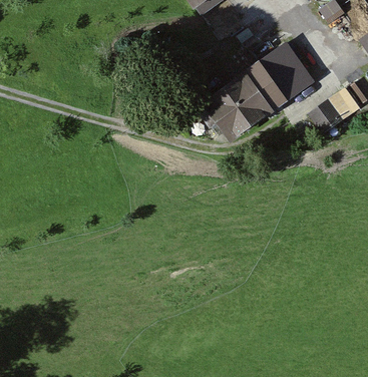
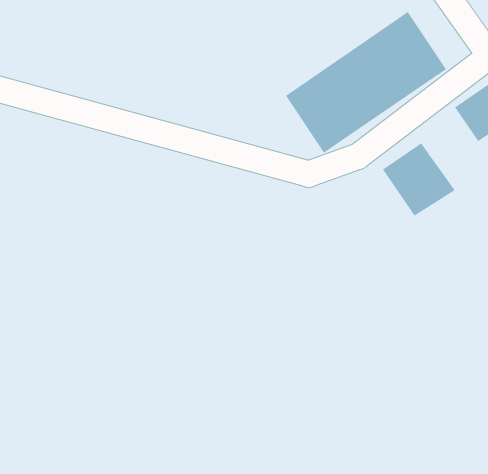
building: none -> [382,143,455,217]

